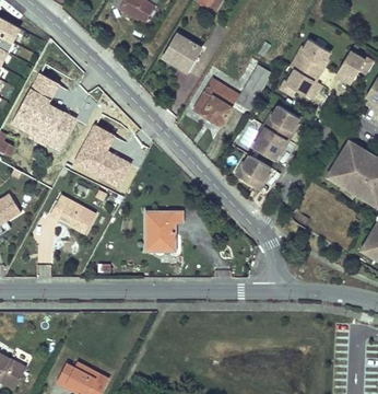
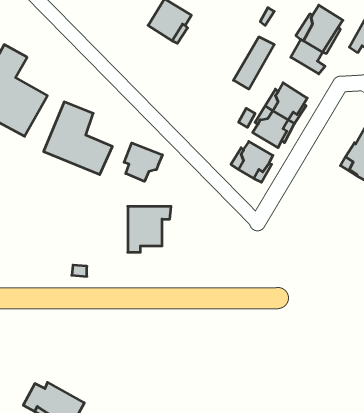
building: [193,80,237,127] -> none
building: none -> [124,143,162,181]
building: [50,196,96,234] -> none

